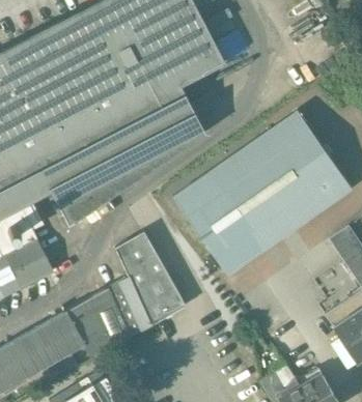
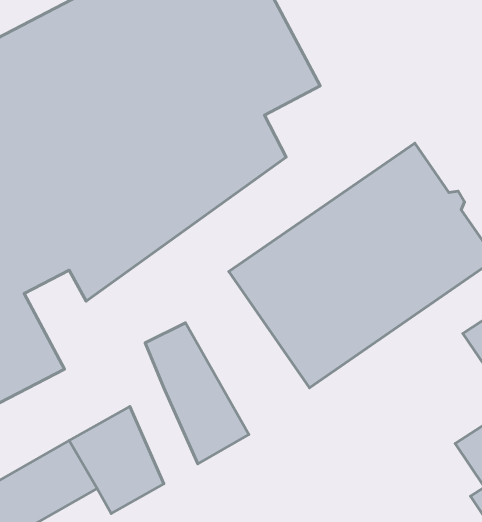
building: [106,276,151,340] -> none

